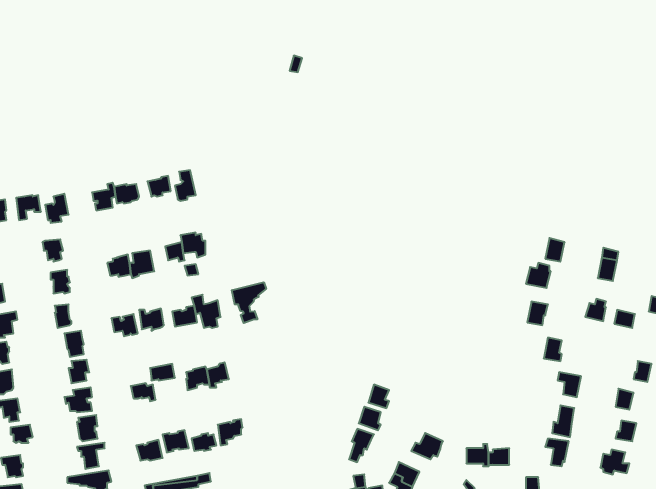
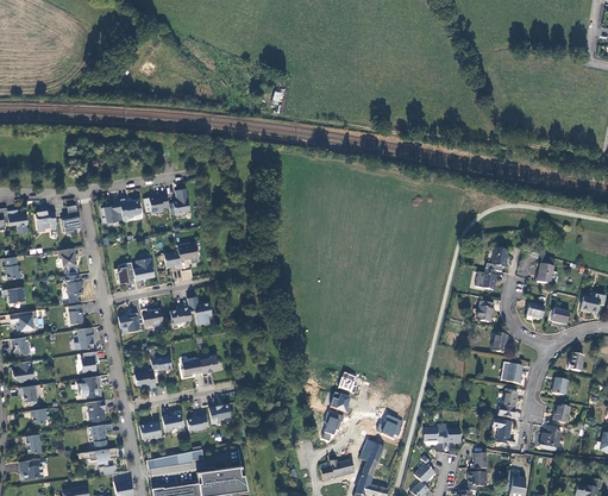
building: [232,282,266,323] -> none

